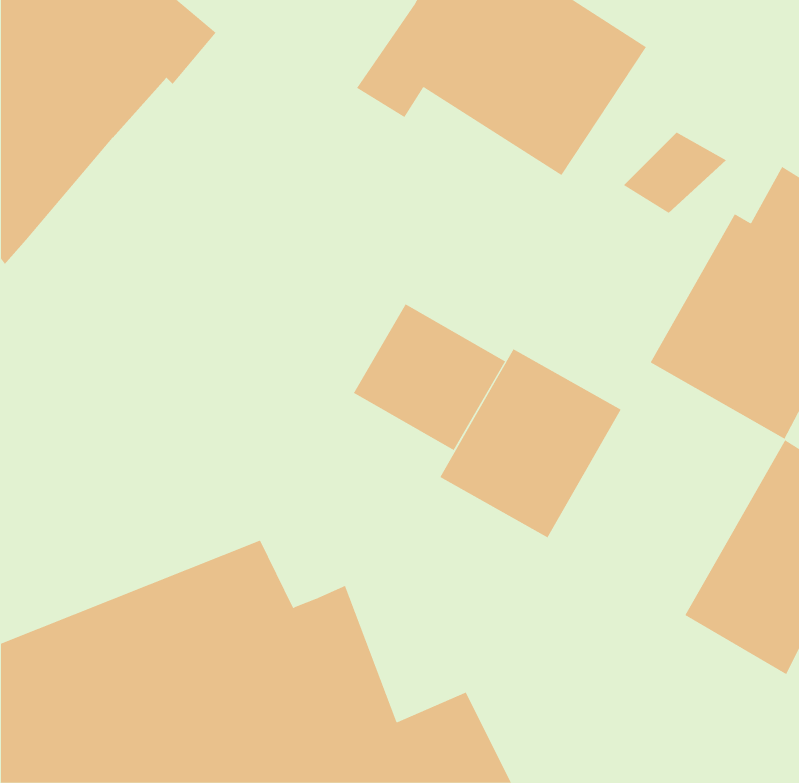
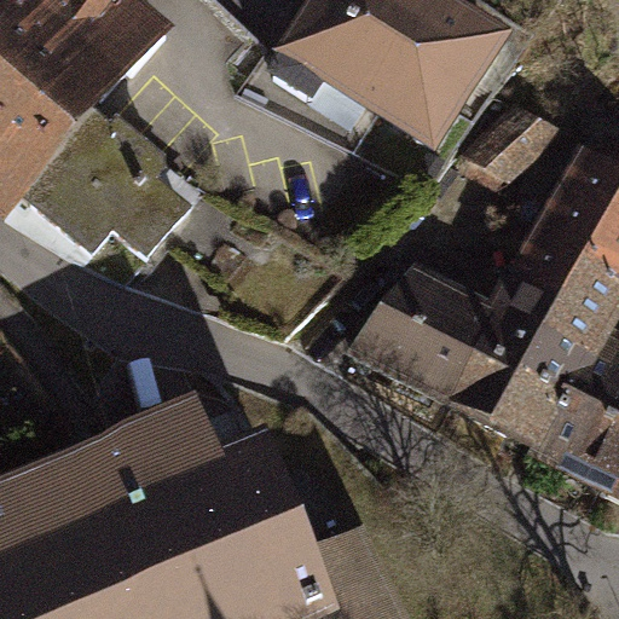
building: none -> [23,106,189,250]
building: [353,304,506,451] -> none
building: none -> [424,279,607,474]

